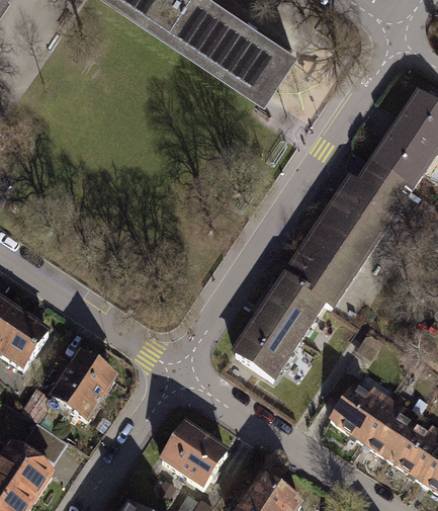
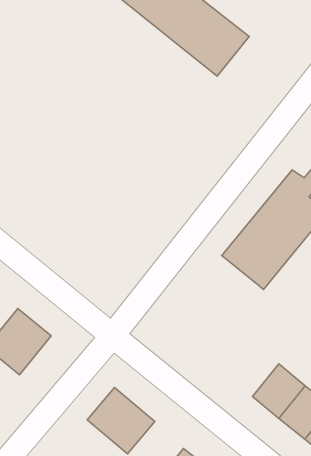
building: [235,275,325,378] -> none

